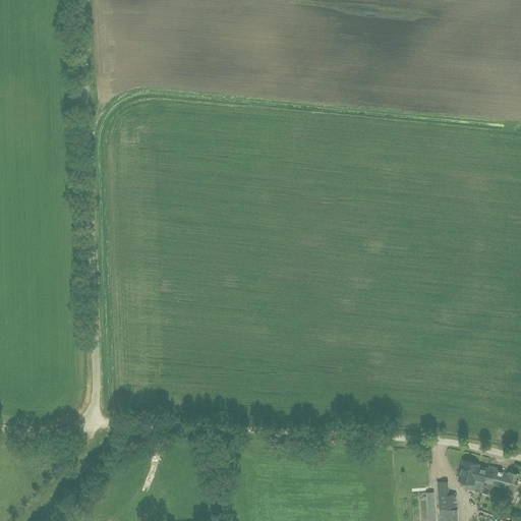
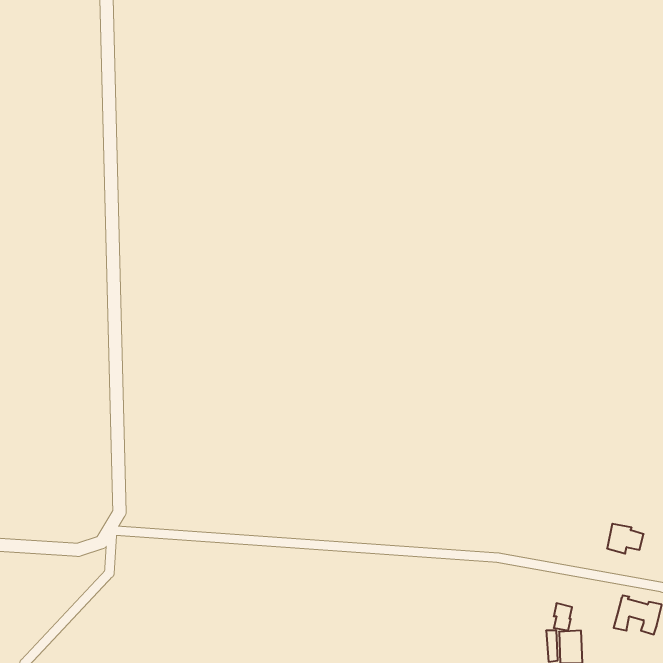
building: [458,460,486,483] -> [607,524,644,554]

